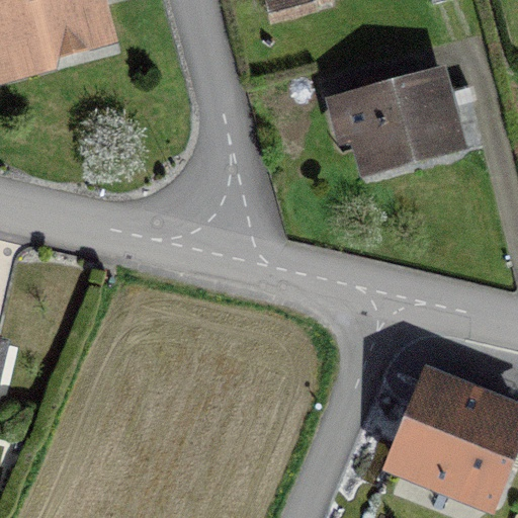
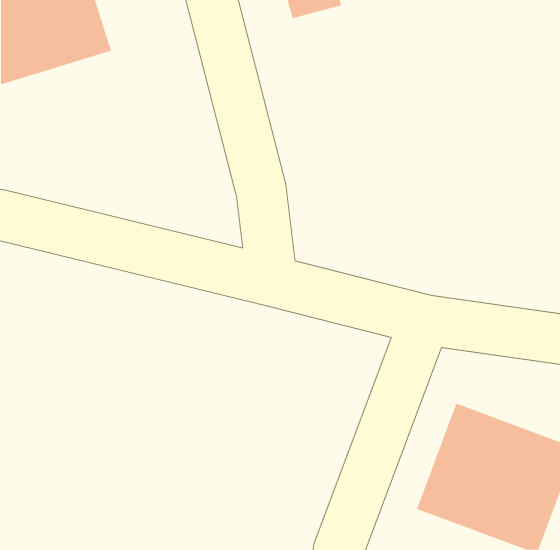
building: [330,67,462,177] -> none

